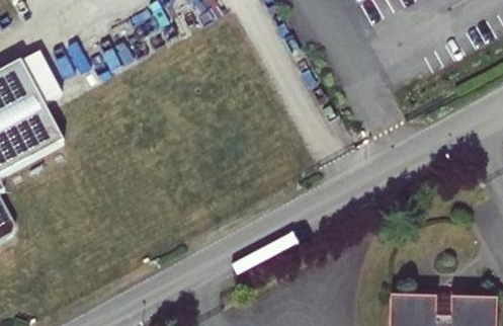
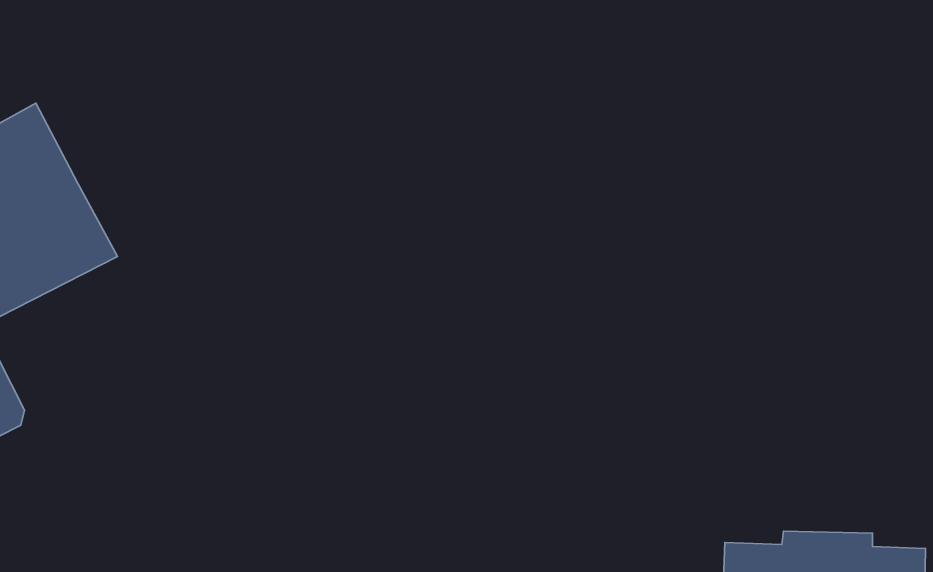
building: [21,55,63,106] -> none

